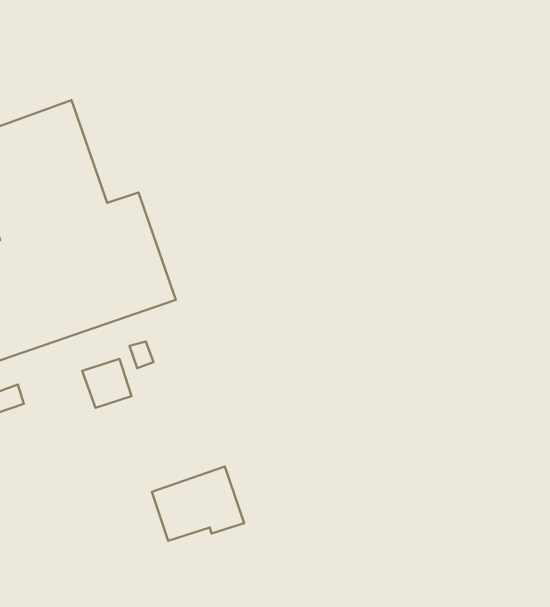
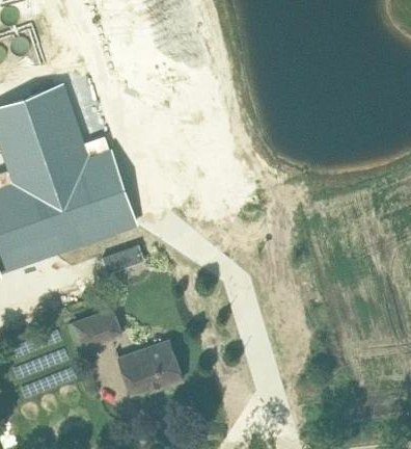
building: [82,359,131,408] -> [87,311,121,345]

